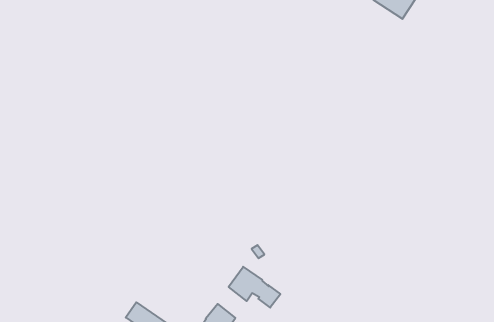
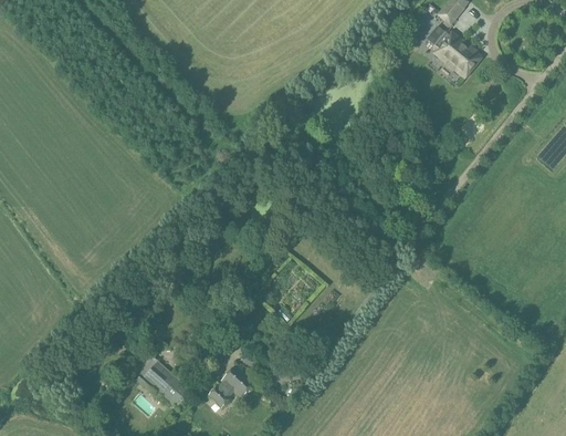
building: [229,267,280,308] -> none

